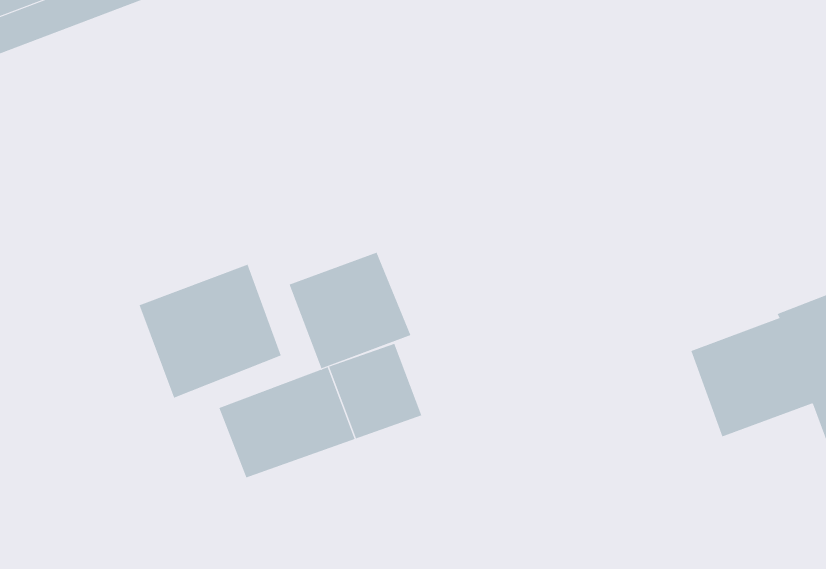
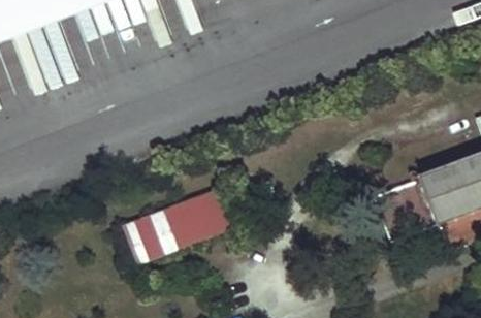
building: [289,252,411,369] -> none
building: [139,264,281,399] -> none

